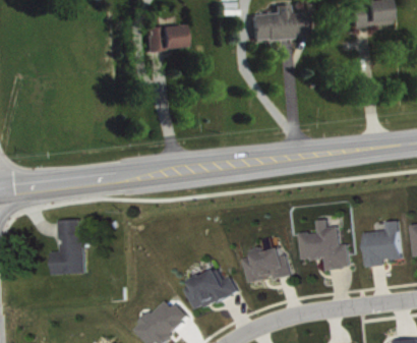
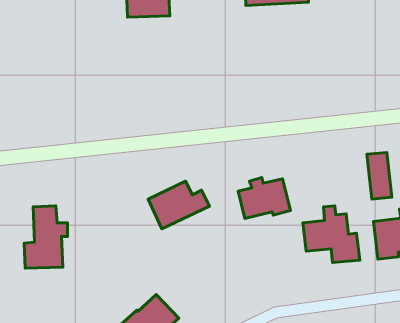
building: none -> [367,153,392,199]
building: [244,245,291,282] -> [238,178,290,219]
building: [185,268,240,310] -> [148,181,210,229]

